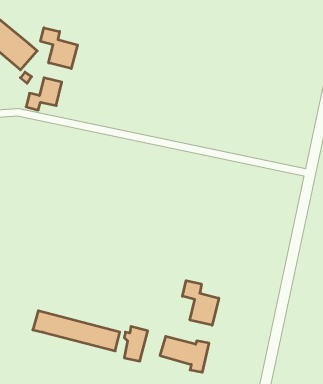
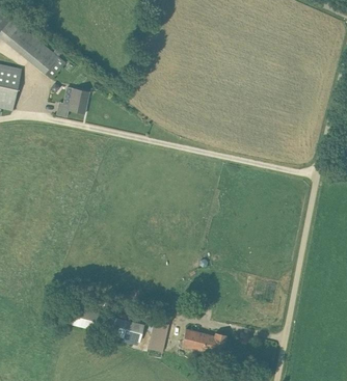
building: [41,28,78,69] -> none
building: [182,281,219,325] -> none

